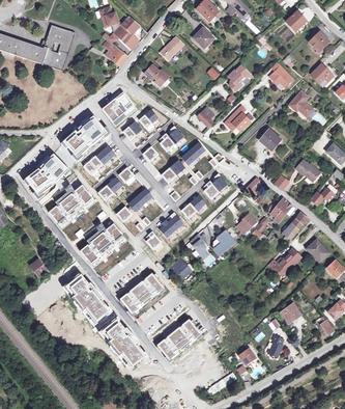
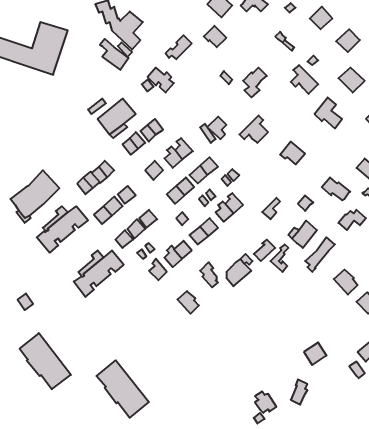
building: [63,115,108,158] -> none
building: [268,248,301,274] -> none
building: [120,272,163,311] -> none
building: [65,274,110,323] -> [20,333,71,389]
building: [154,319,199,359] -> none

